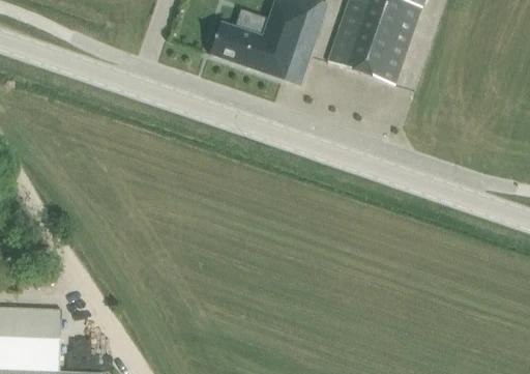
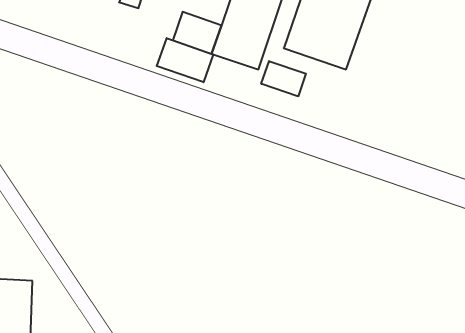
building: none -> [157,38,213,82]
building: none -> [261,61,306,96]

